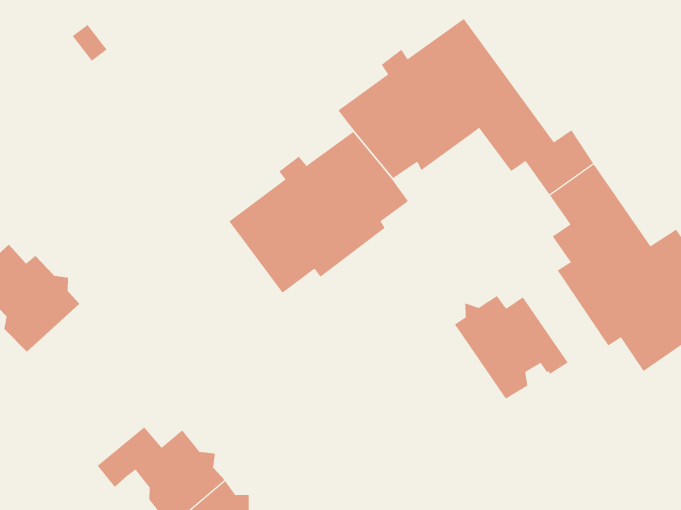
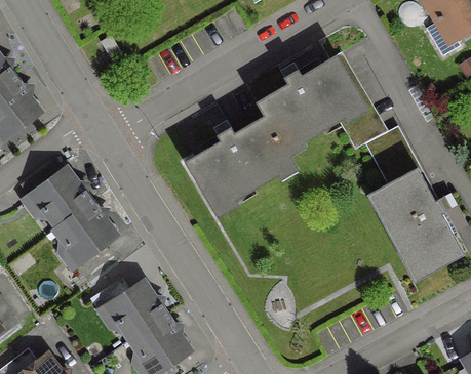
building: [454,295,569,399] -> none
building: none -> [54,202,114,281]

